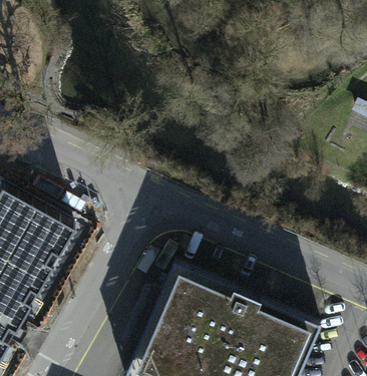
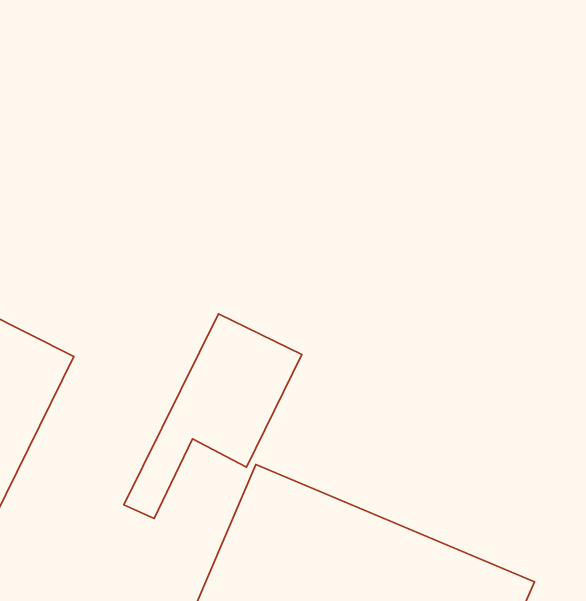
building: none -> [124,314,302,519]

